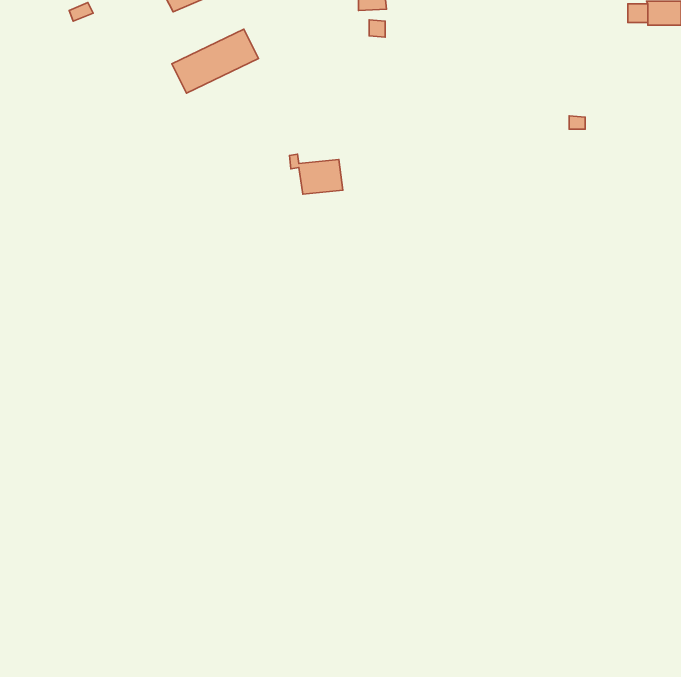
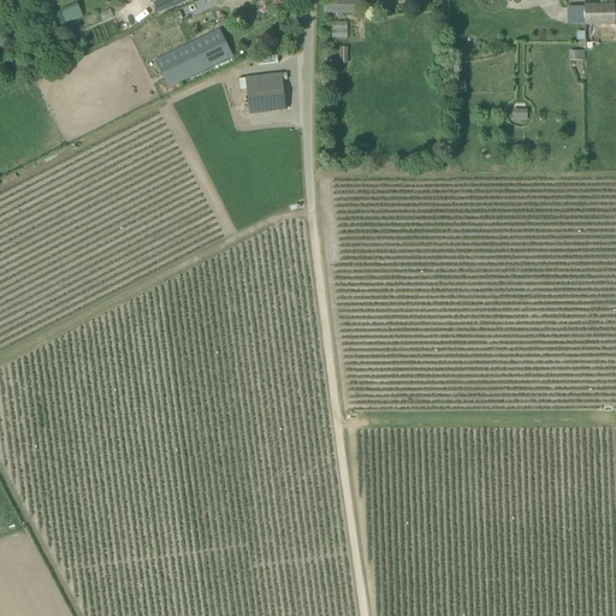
building: [290,154,343,194] -> [238,75,286,111]

